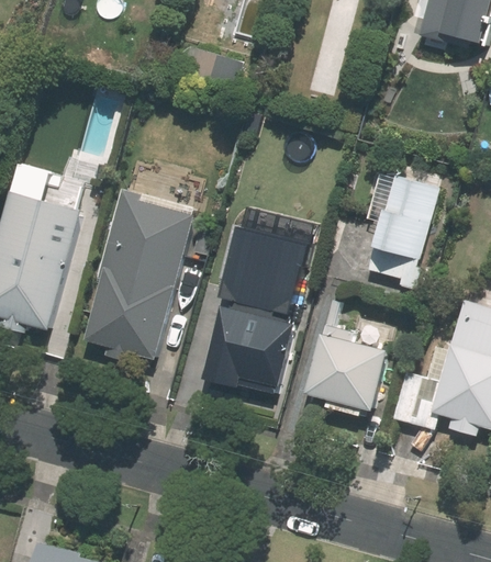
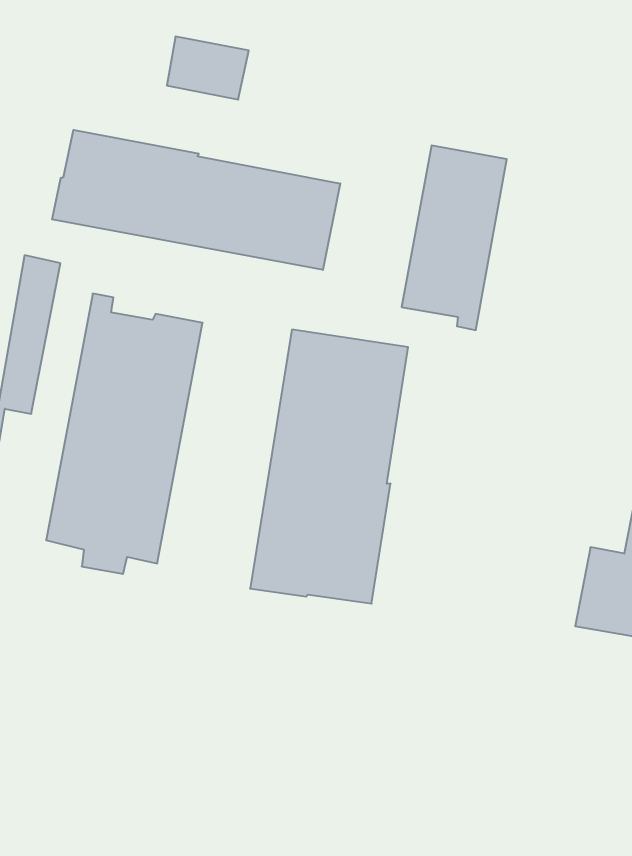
building: none -> [52,130,340,270]
building: [367,173,437,285] -> [402,145,507,330]
building: [304,305,390,415] -> none

